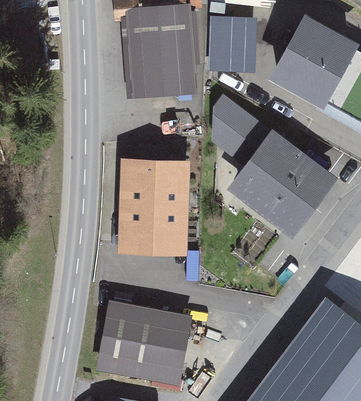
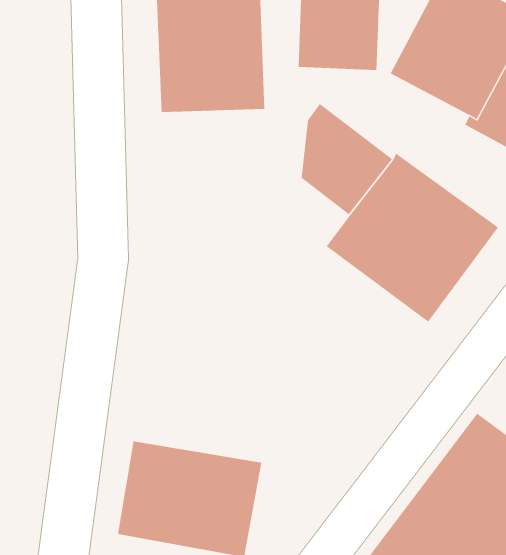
building: [114,162,183,262] -> none

